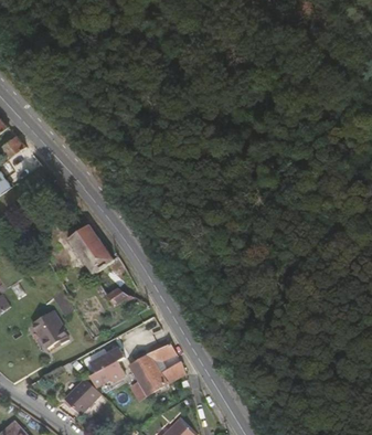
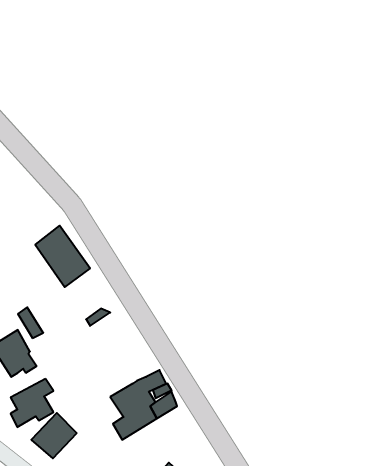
building: [91,347,126,386] -> [11,379,53,427]

